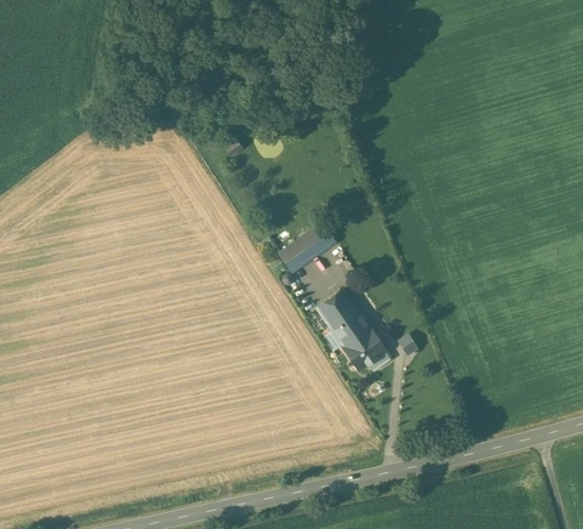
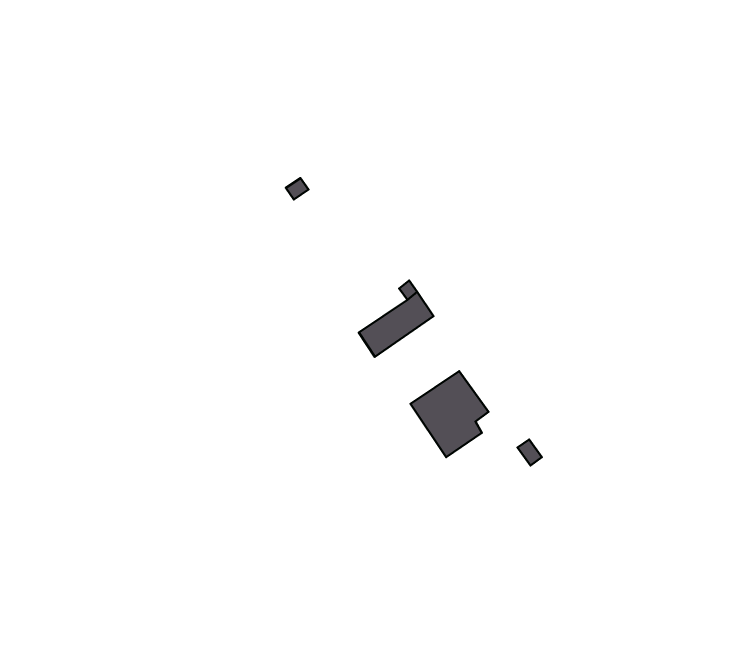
building: [344,329,387,369] -> none

